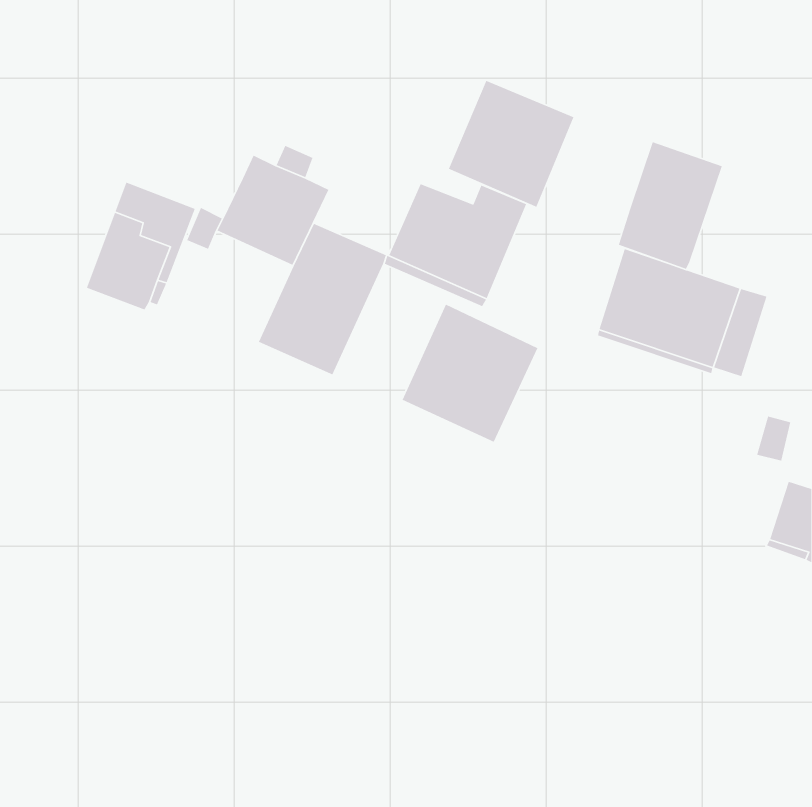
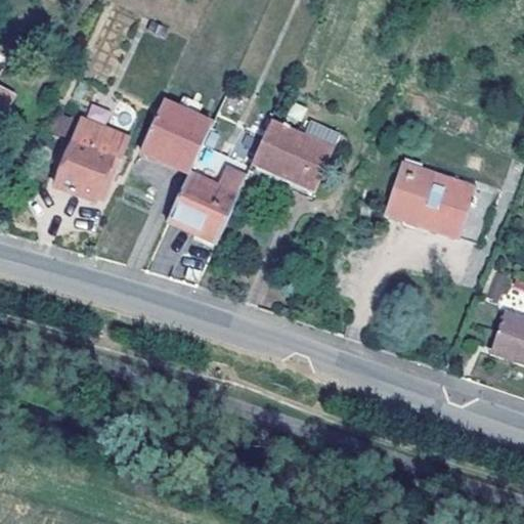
building: [448,80,574,208] -> none
building: [618,141,723,270] -> none
building: [401,303,538,443] -> none

